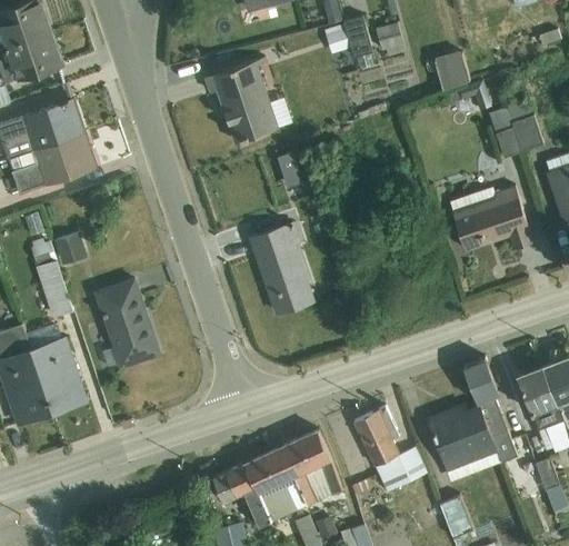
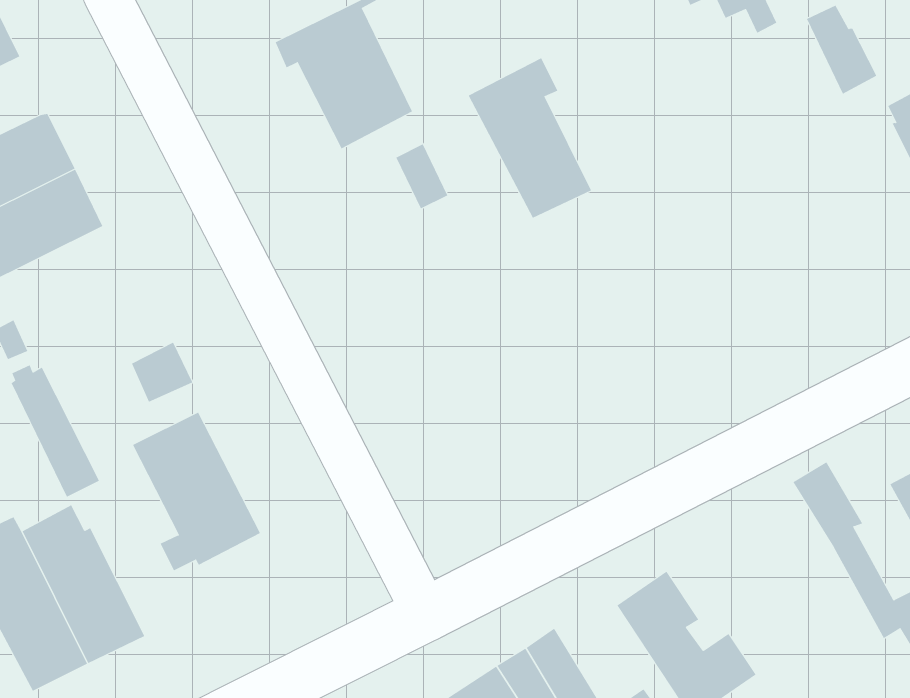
building: [489,107,522,158] -> none
building: [450,187,535,251] -> none
building: [251,224,313,314] -> [468,58,592,219]
building: [54,234,88,266] -> [131,342,193,403]
building: [429,407,502,482] -> none

